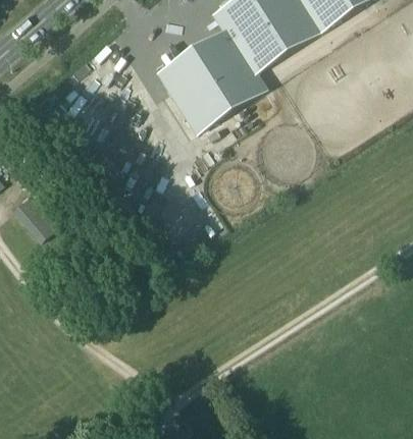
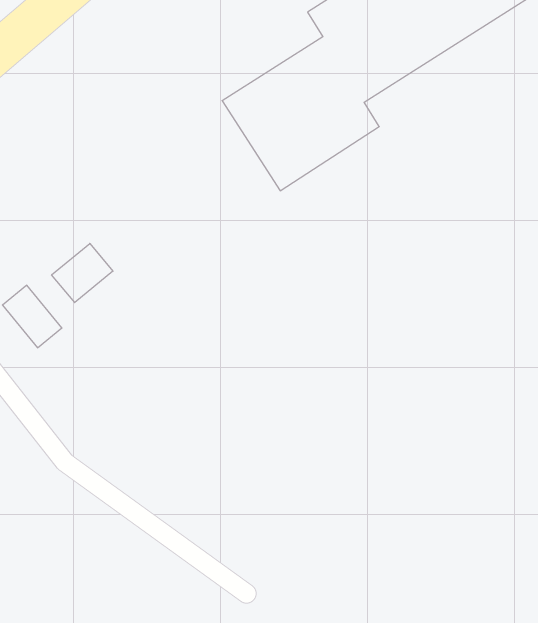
building: none -> [52,243,113,303]

